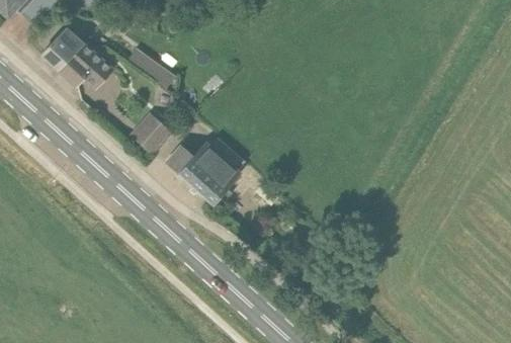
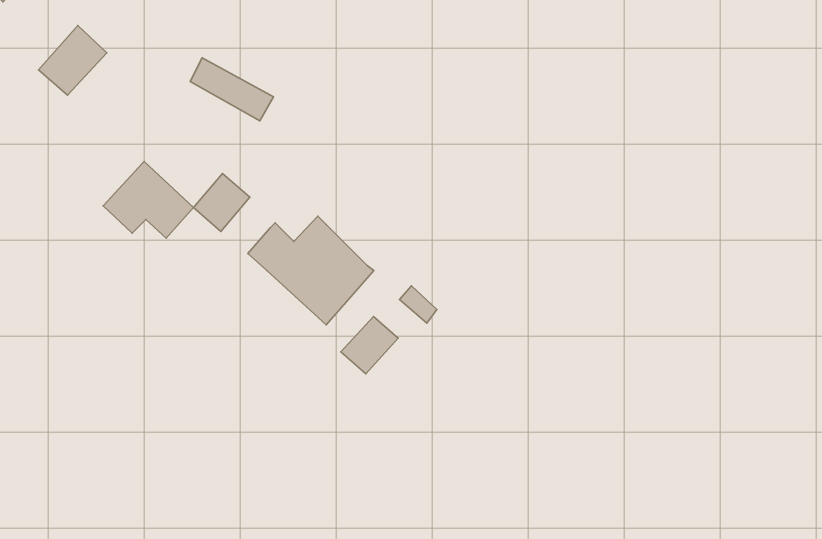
building: [58,42,111,88] -> [103,162,194,238]
building: none -> [341,316,398,374]

